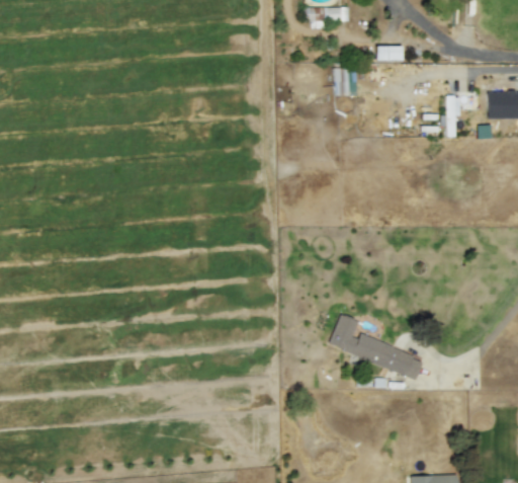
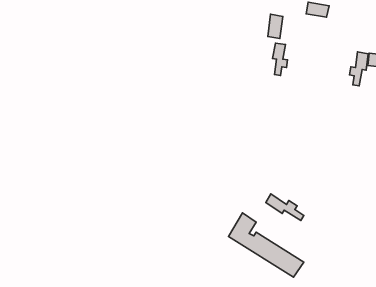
building: none -> [273,43,287,75]
building: none -> [266,194,304,221]

